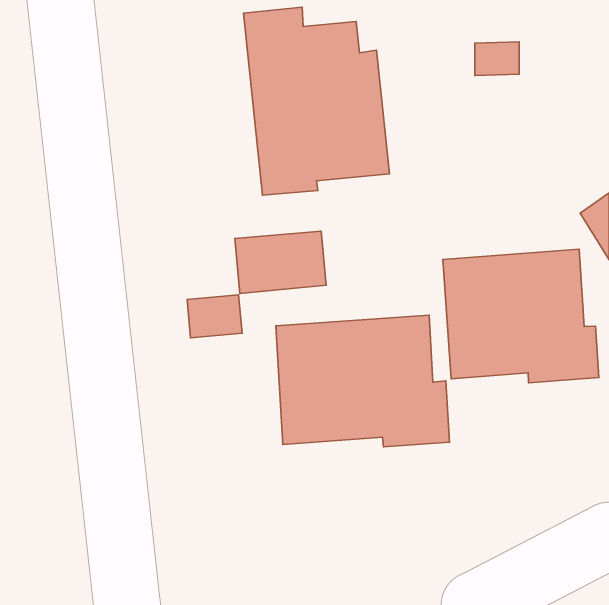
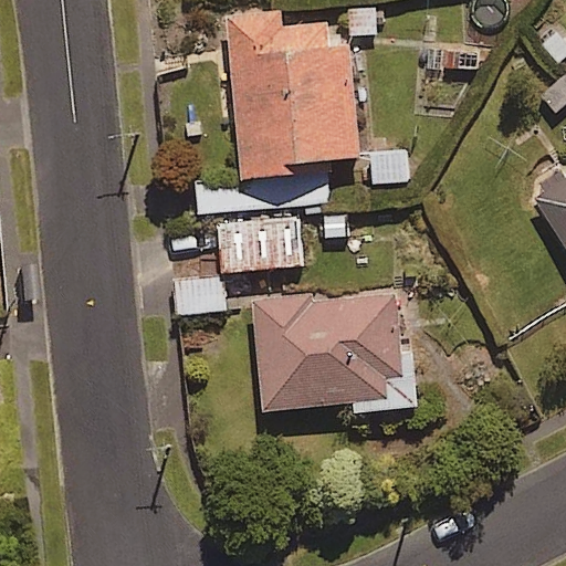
building: [443,249,599,383] -> none

